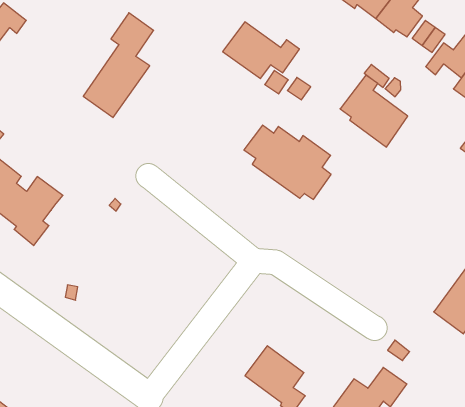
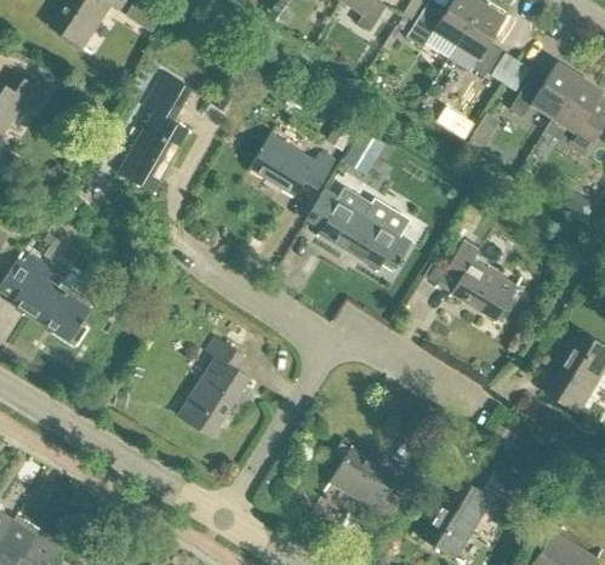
building: [223,22,299,79] -> [247,135,336,199]
building: [340,75,408,147] -> [438,242,516,324]
building: none -> [177,336,253,440]

